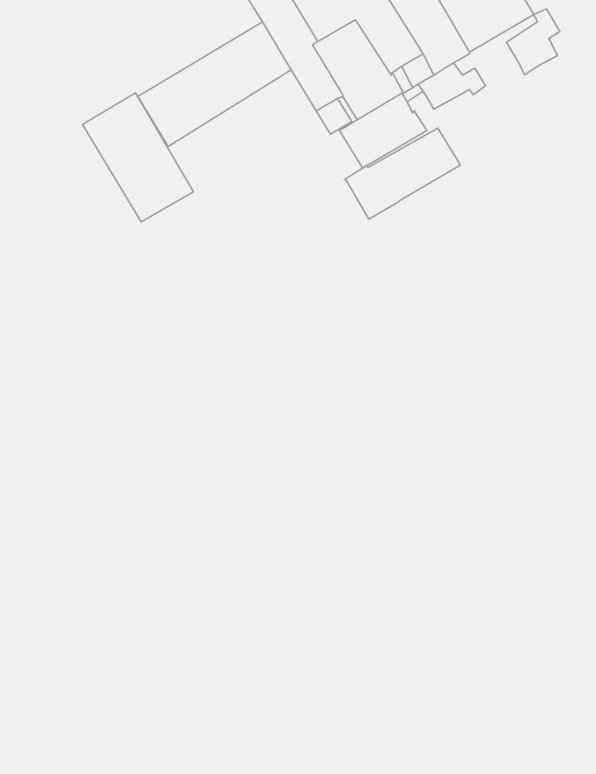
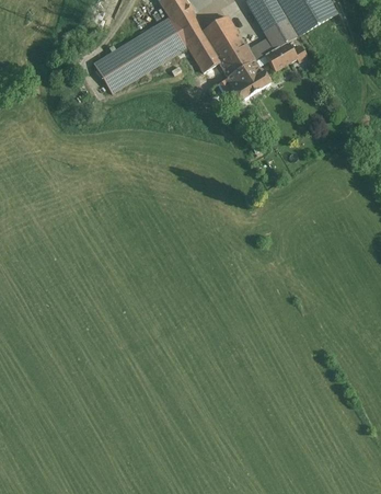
building: [507,9,560,75] -> none
building: [83,93,194,222] -> none
building: [344,128,460,219] -> none

